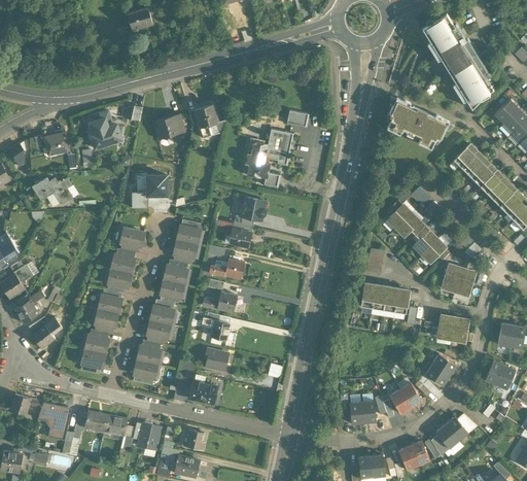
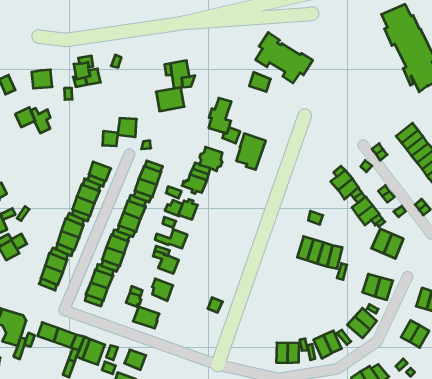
building: [386,96,449,148] -> [256,32,313,83]
building: [154,112,187,141] -> [156,87,184,111]
building: [265,128,294,166] -> [236,134,266,170]

